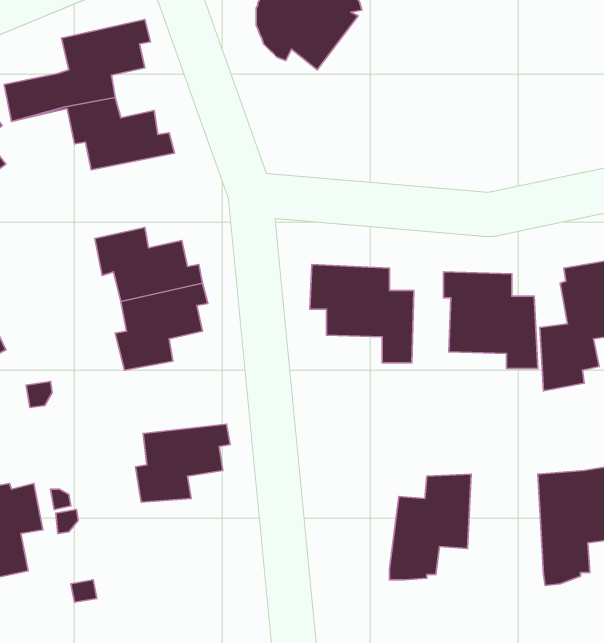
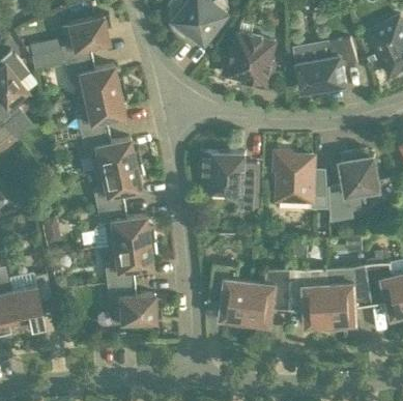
building: none -> [225,35,276,90]
building: none -> [293,39,358,92]
building: none -> [77,90,127,138]
building: none -> [93,206,154,249]
building: none -> [209,264,251,328]
building: none -> [289,269,333,332]
building: none -> [107,283,162,323]

